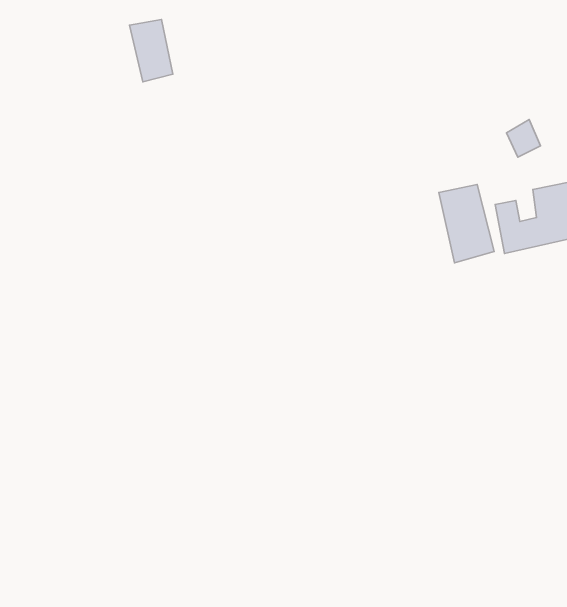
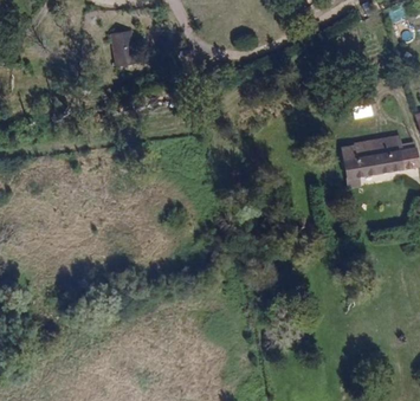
building: [439,185,494,263] -> none

